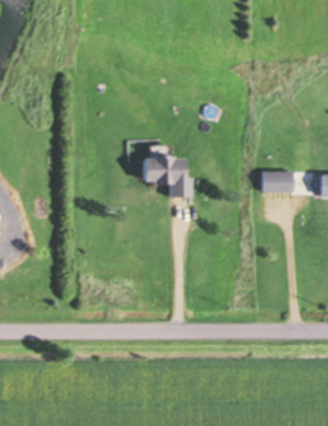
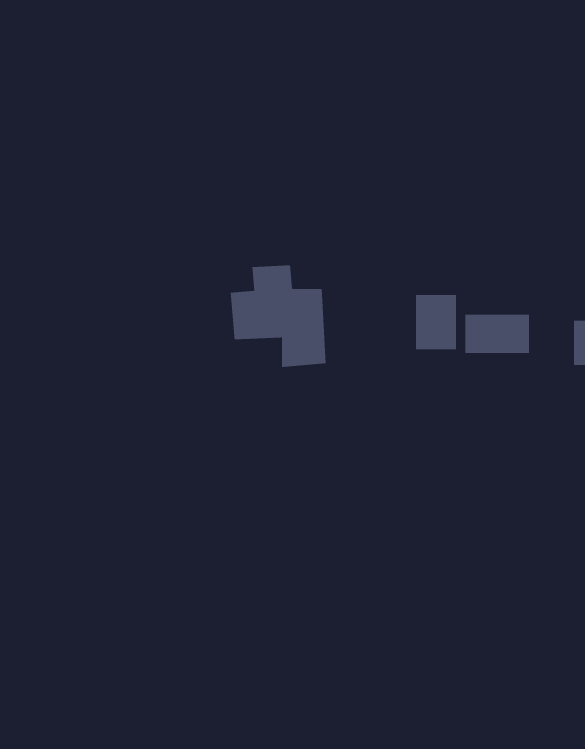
building: none -> [416,294,457,350]

